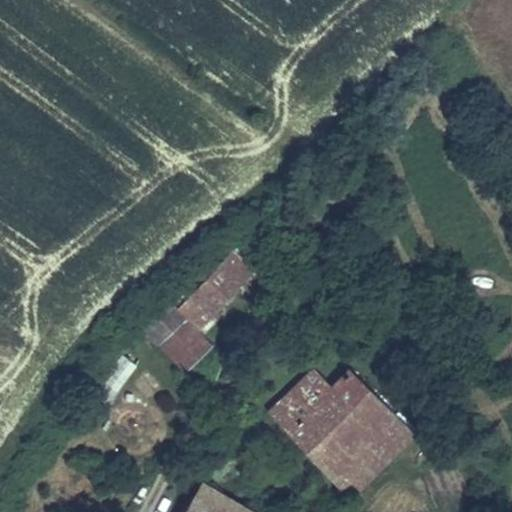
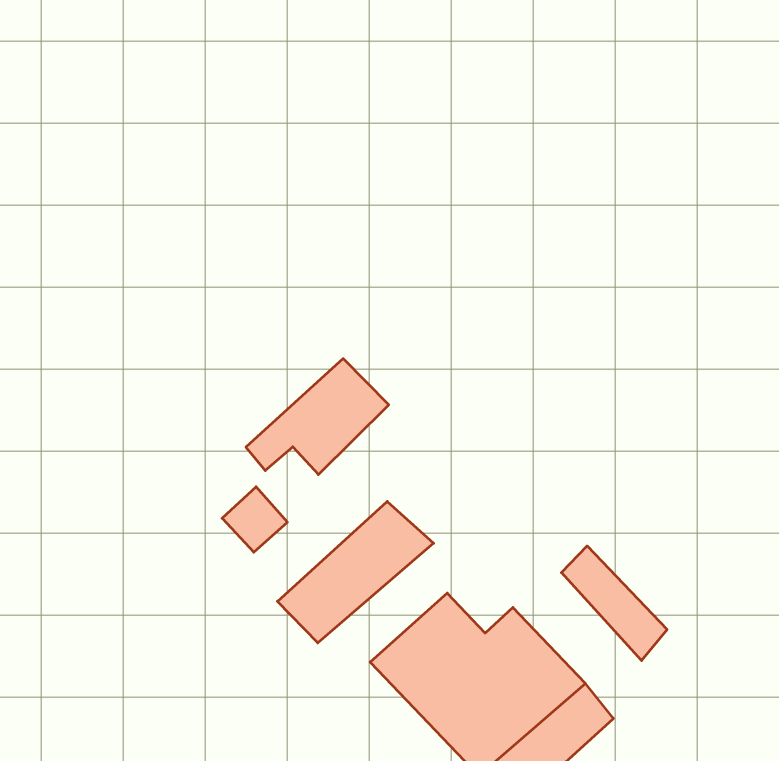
building: none -> [277,501,434,643]
building: none -> [561,546,667,661]

